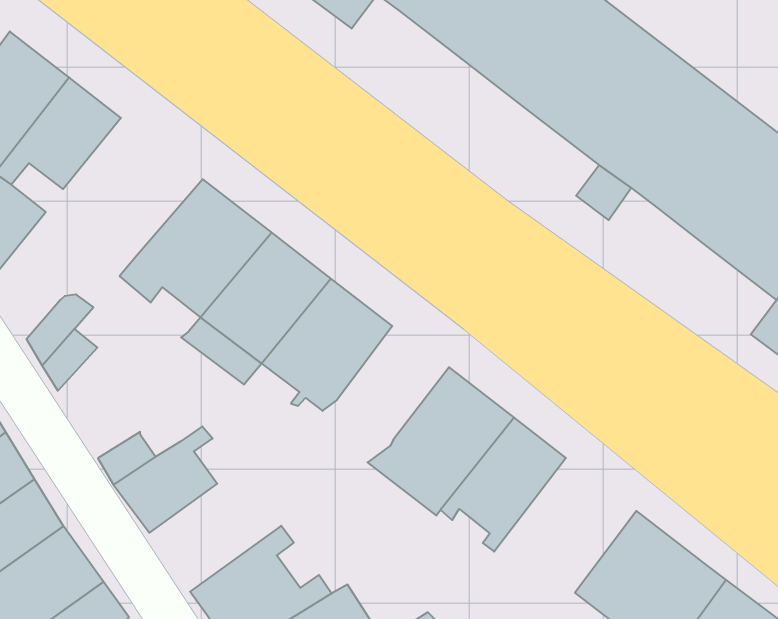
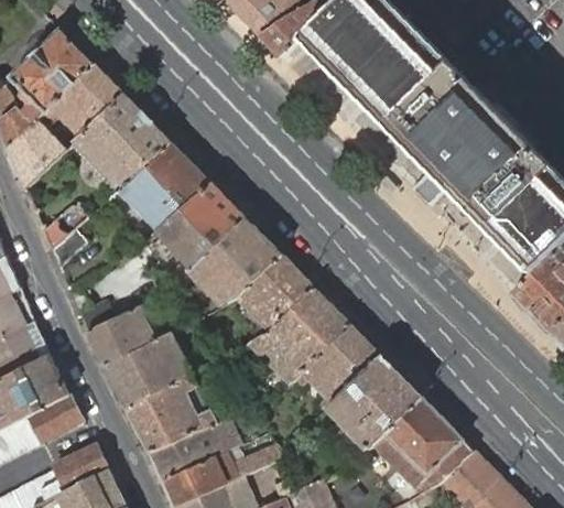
building: none -> [77,96,172,186]
building: none -> [239,256,314,329]
building: none -> [105,324,193,409]
building: none -> [328,357,422,450]

